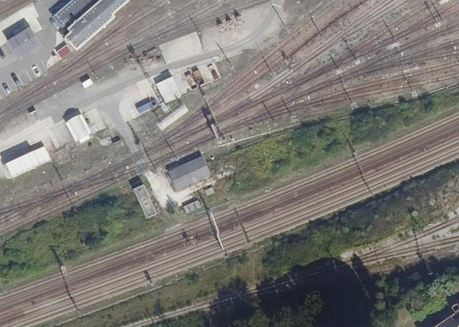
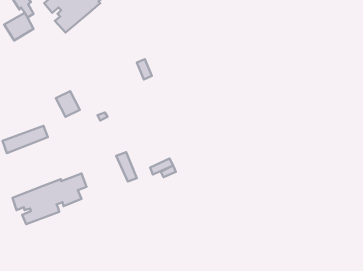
building: [167,155,209,187] -> none
building: none -> [12,173,87,224]

